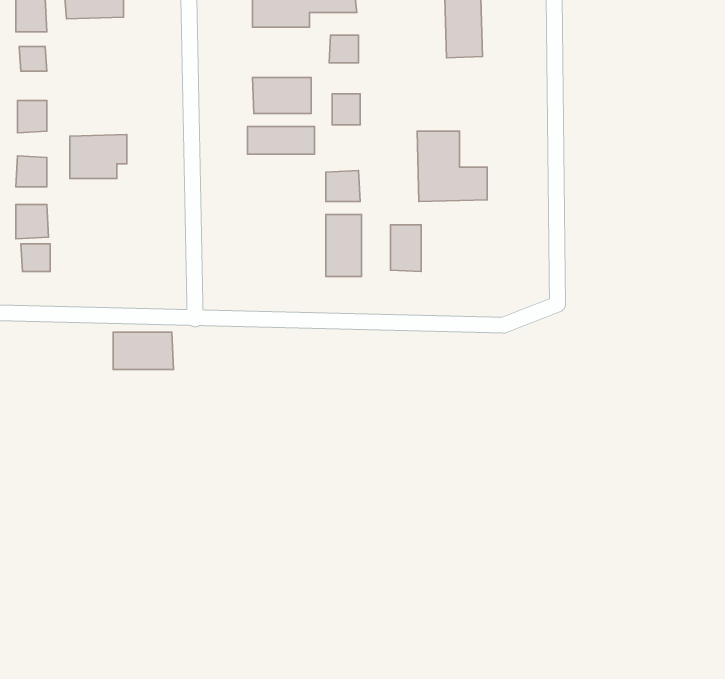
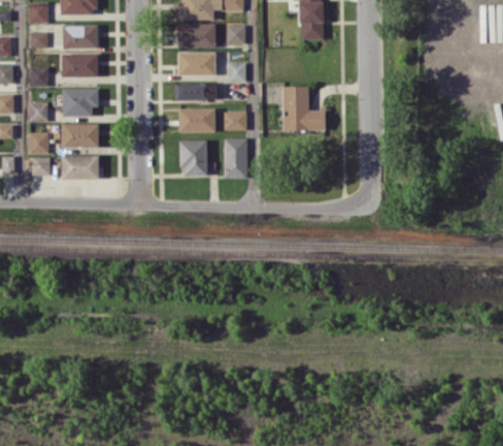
building: none -> [178,23,215,47]
building: none -> [63,25,98,49]
building: none -> [62,54,99,76]
building: none -> [179,107,215,132]
building: none -> [62,123,99,147]
building: none -> [180,139,208,174]
building: [390,225,421,272] -> none
building: [113,332,173,370] -> [62,155,100,179]

